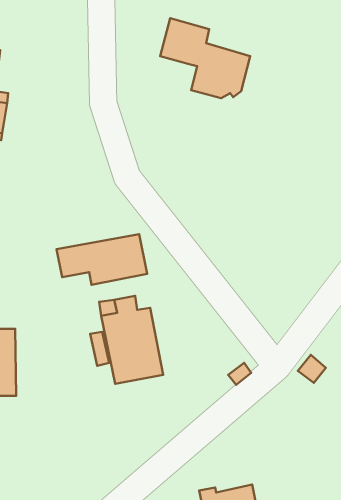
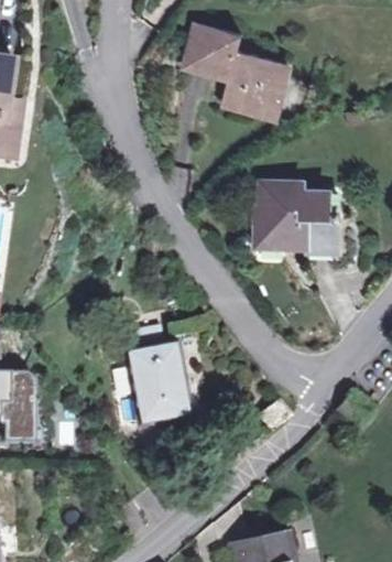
building: none -> [259,184,341,252]
building: [57,234,147,285] -> none

